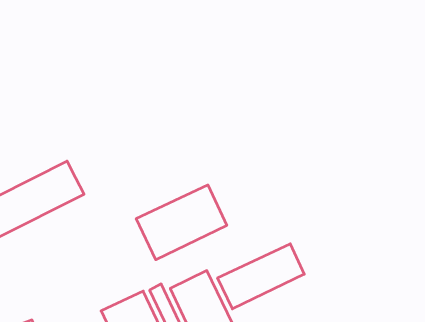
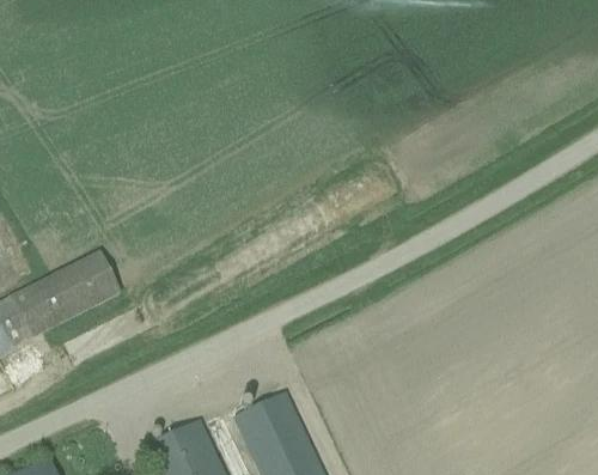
building: [136,185,227,260] -> none
building: [218,244,304,309] -> none

